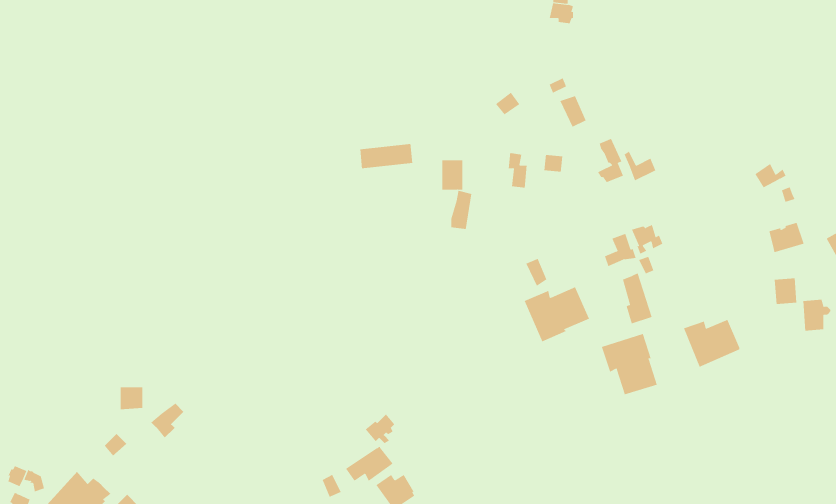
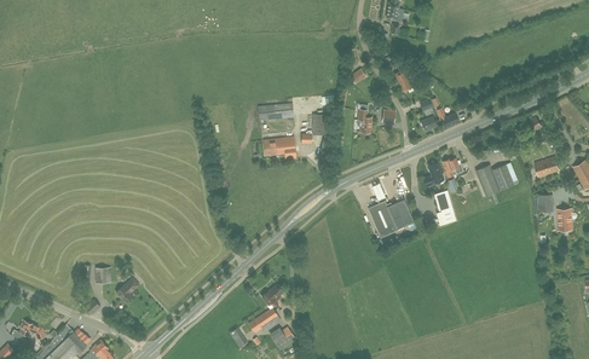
building: none -> [264,137,296,158]
building: [683,319,740,367] -> [475,163,514,196]
building: [601,333,658,395] -> none

